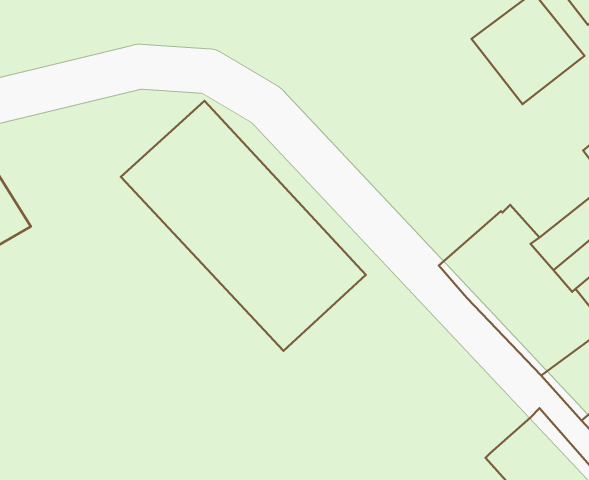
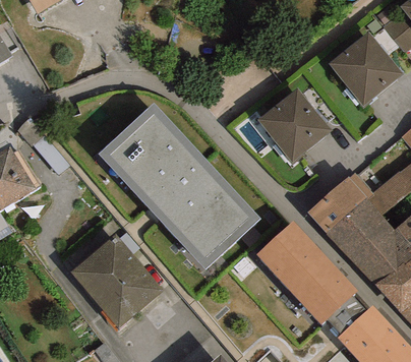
building: none -> [257,89,332,164]
building: none -> [256,221,367,335]
building: none -> [70,233,163,328]

